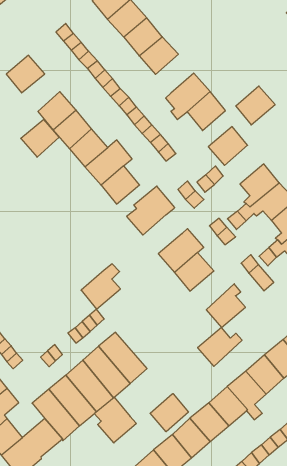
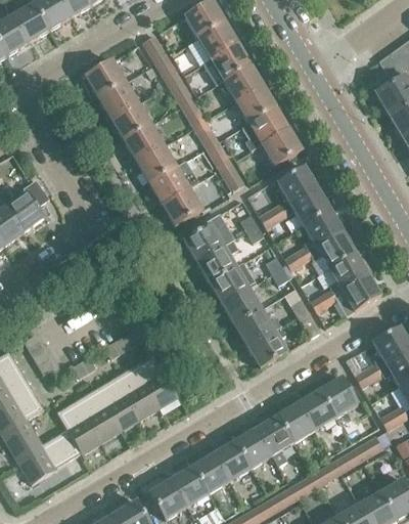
building: none -> [236,85,275,123]
building: [236,86,275,125] -> [290,188,330,226]
building: [21,120,59,157] -> [98,82,137,119]
building: [81,264,120,309] -> [196,239,238,282]
building: [198,327,242,366] -> [234,309,280,347]
building: [150,394,188,432] -> none
building: [94,397,136,443] -> none

